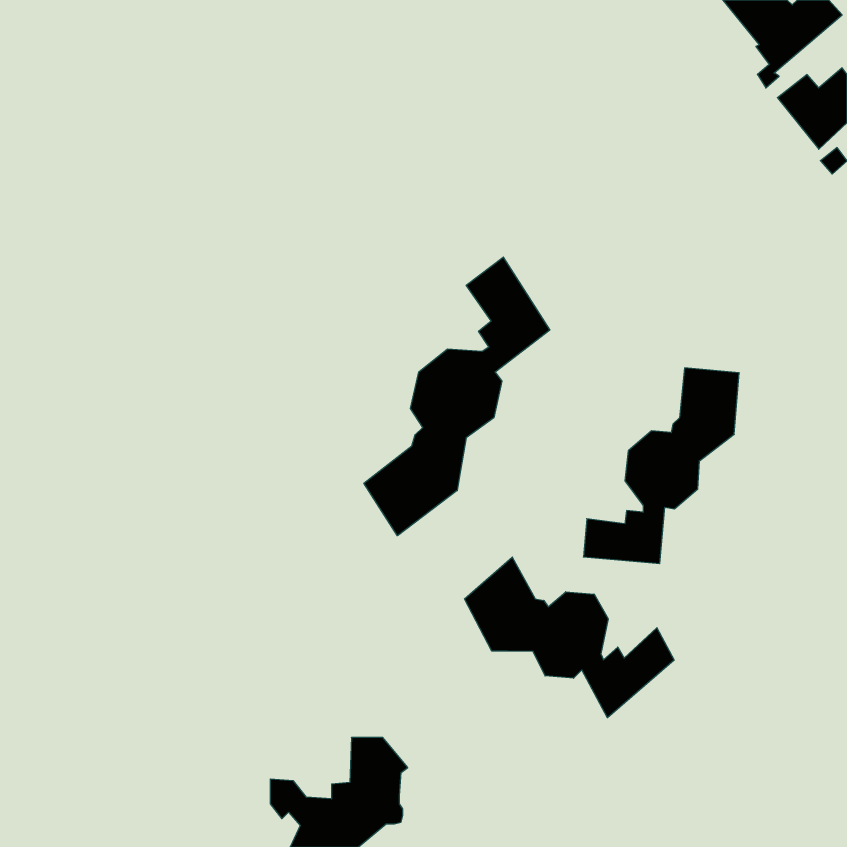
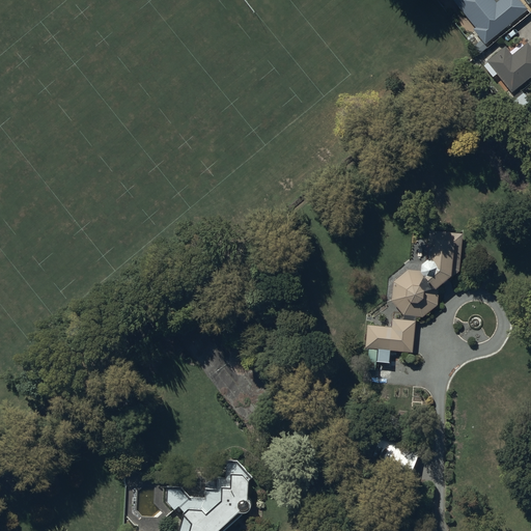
building: [364,257,550,536] -> none
building: [465,557,674,718] -> none

